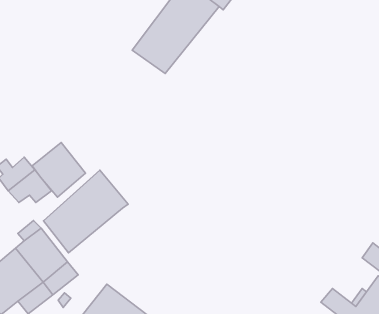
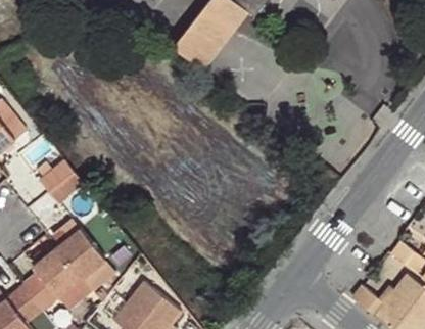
building: [32,142,86,197] -> none
building: [43,170,128,253] -> none

